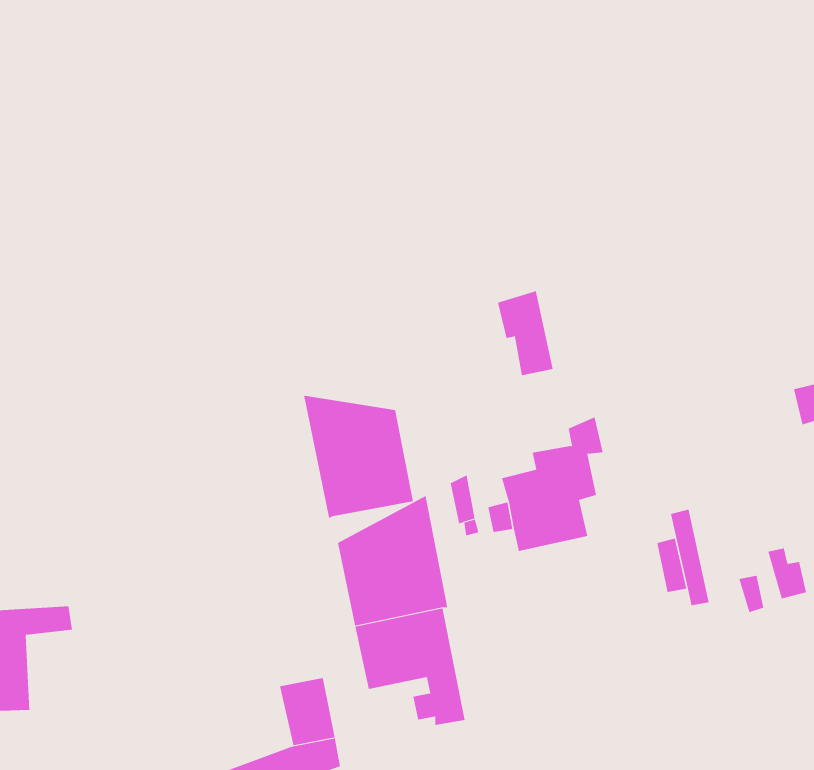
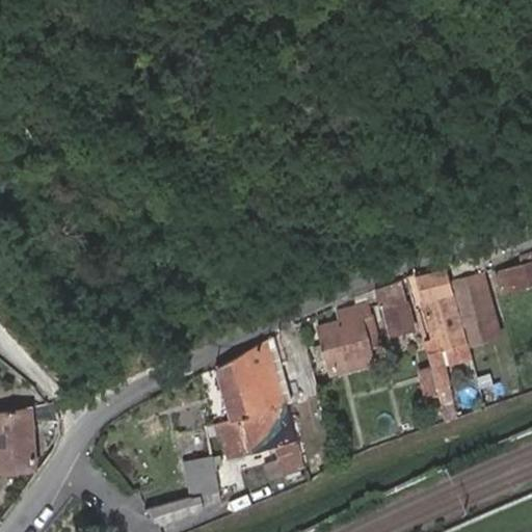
building: [497,291,554,376] -> [375,284,409,336]
building: none -> [453,271,499,343]
building: none -> [415,272,461,349]
building: [304,395,414,519] -> none

